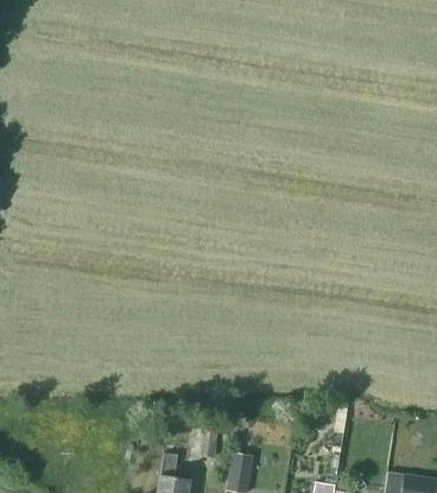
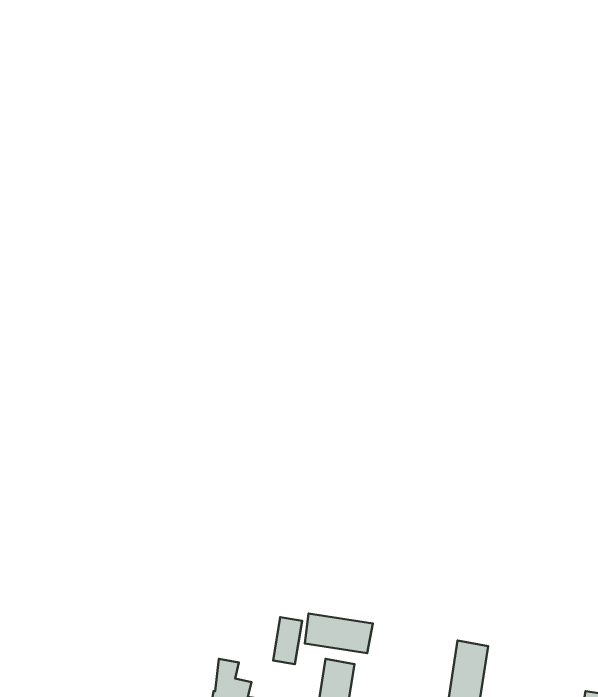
building: none -> [305,613,373,653]

